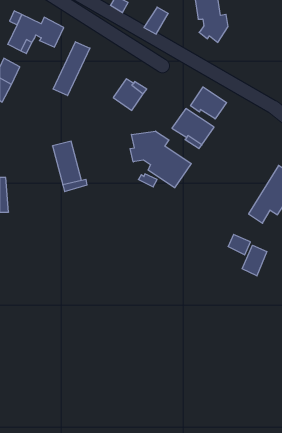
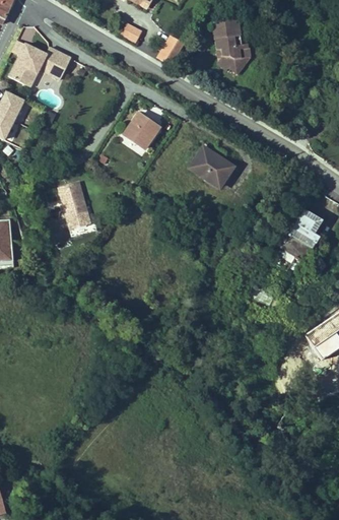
building: [53,42,90,96] -> none
building: [191,87,227,119] -> none
building: [130,131,191,188] -> none
building: [242,245,267,276] -> none

